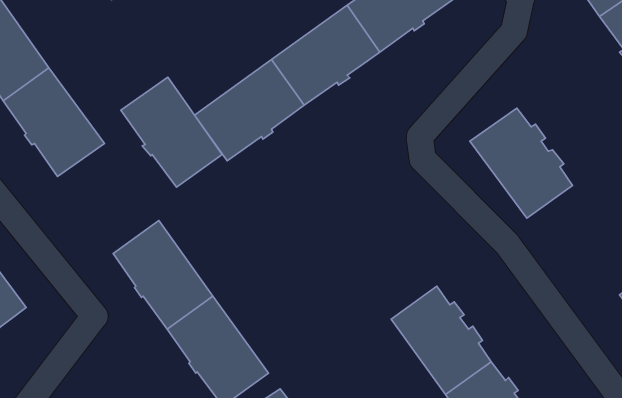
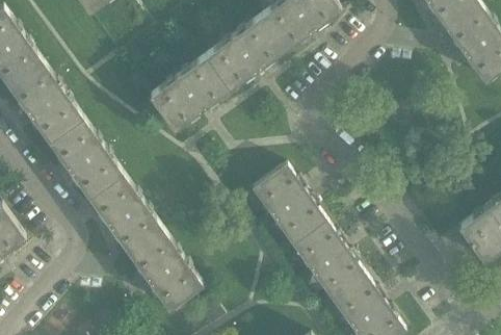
building: [121,77,222,187] -> [49,118,123,198]
building: [470,108,573,218] -> [251,165,325,246]

